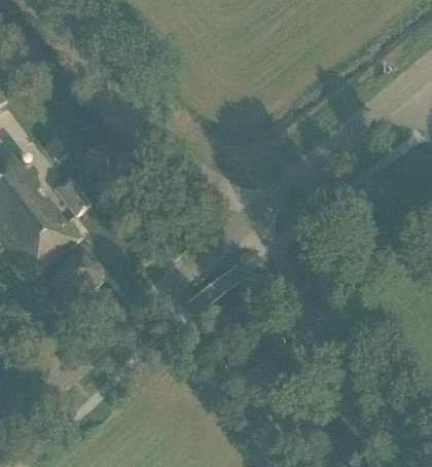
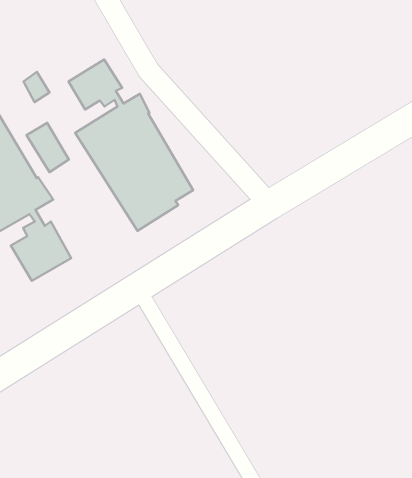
building: none -> [68,59,193,231]

